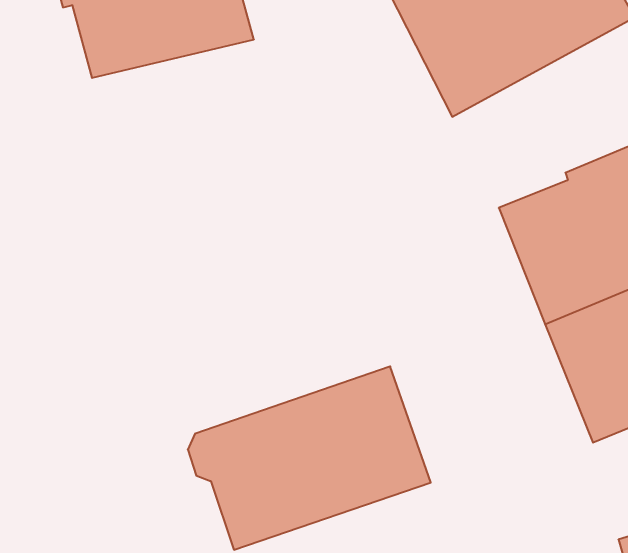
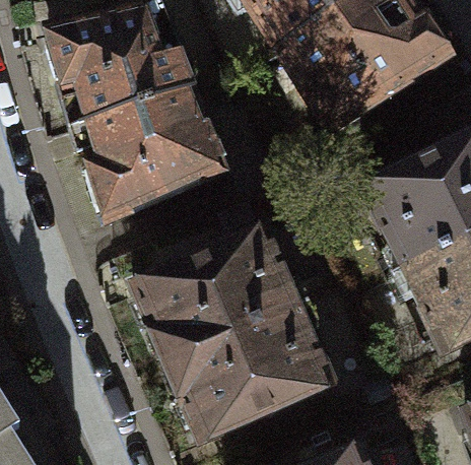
building: none -> [80,90,218,219]
building: none -> [135,229,298,362]

